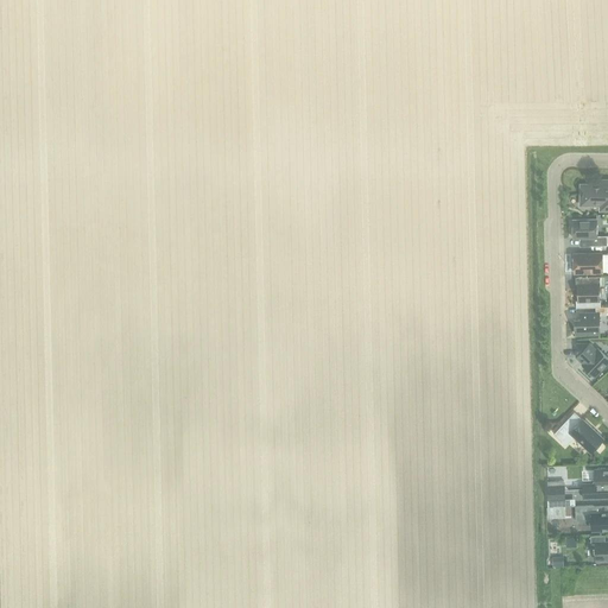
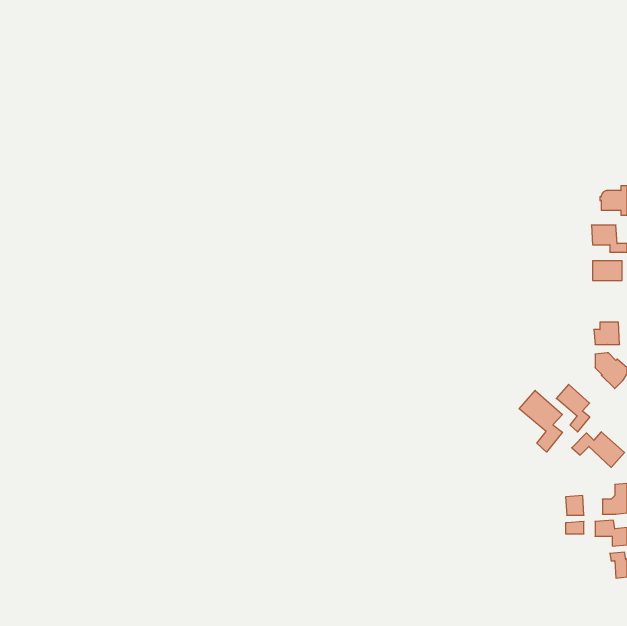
building: [575,274,600,306] -> none
building: none -> [556,384,590,432]
building: none -> [519,390,562,452]

